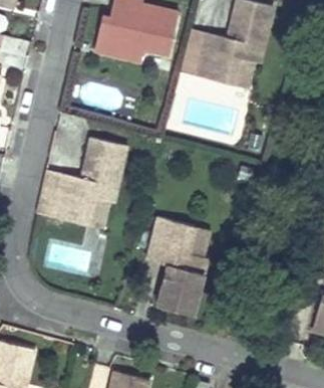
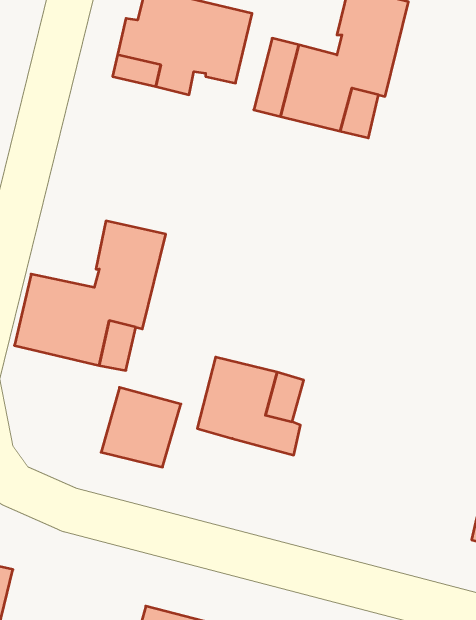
building: [156,268,205,317] -> [101,387,181,467]

